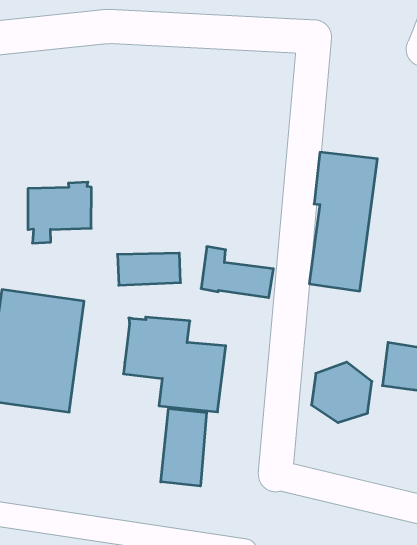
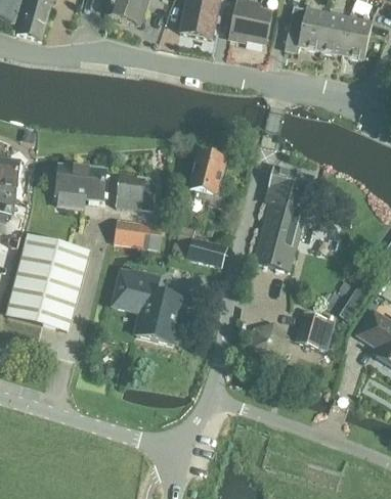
building: none -> [188,149,225,207]
building: none -> [115,175,155,209]
building: [161,409,206,486] -> none

